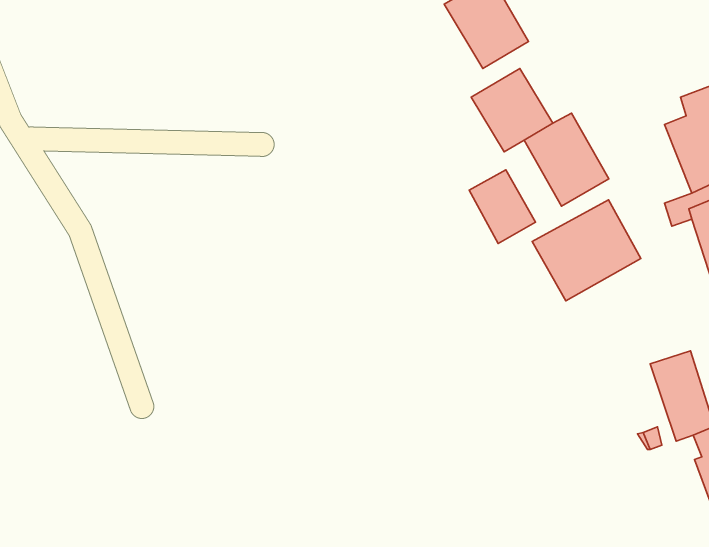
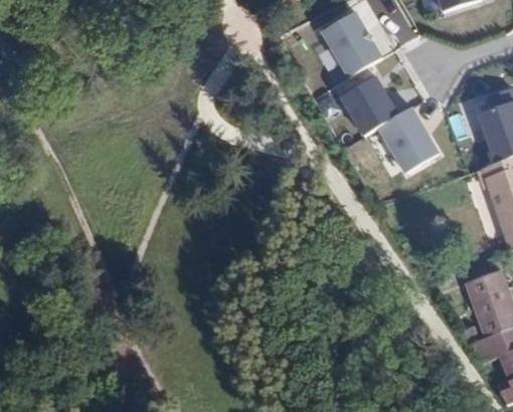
building: [469,170,535,243] -> none
building: [532,200,641,301] -> none

